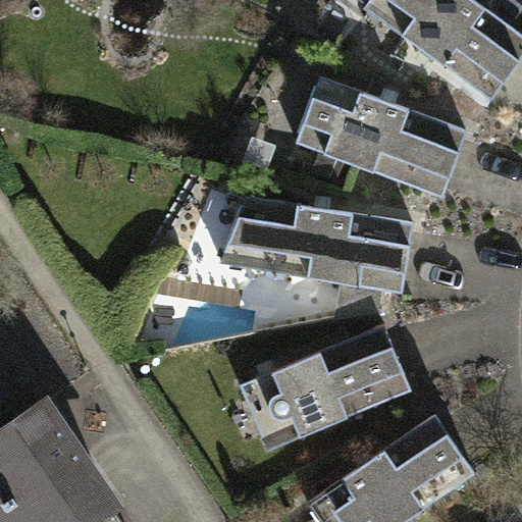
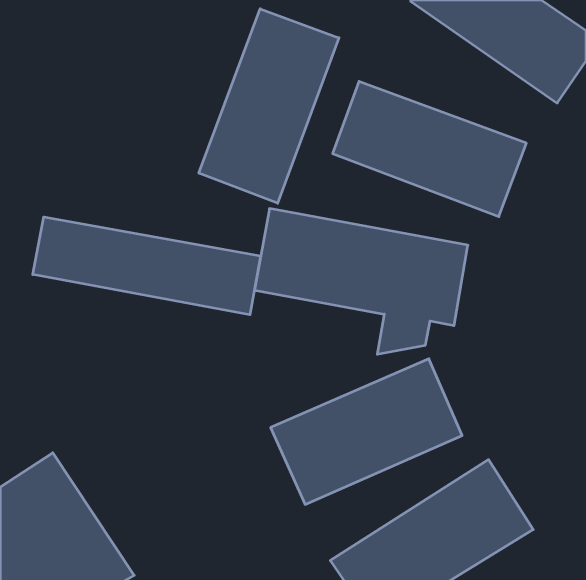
building: none -> [199,9,339,203]
building: none -> [33,217,260,315]

